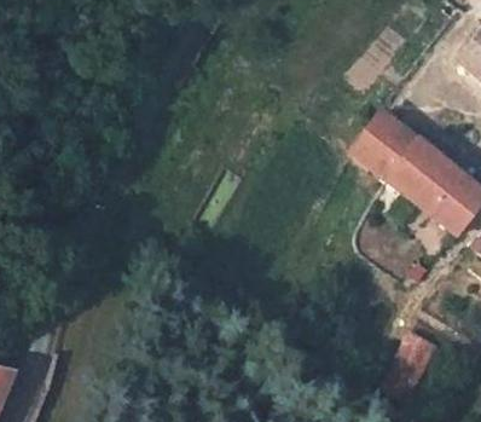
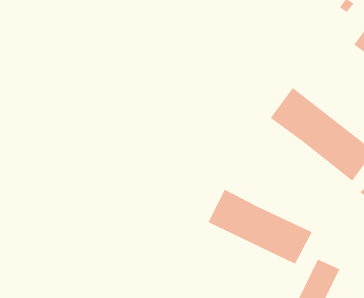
building: none -> [208,189,312,264]

